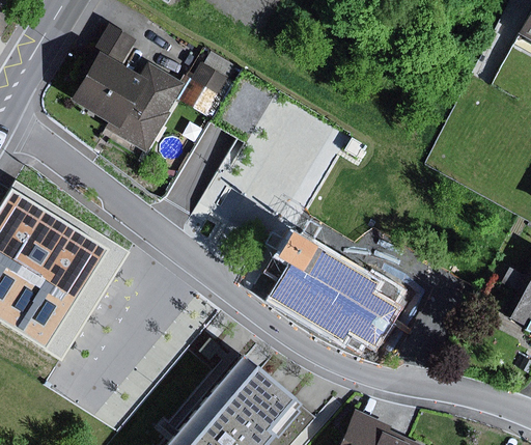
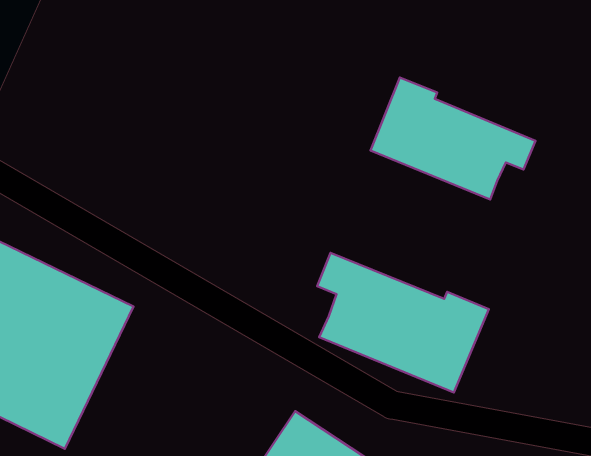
building: [78,17,229,145] -> none
building: none -> [371,78,536,200]

